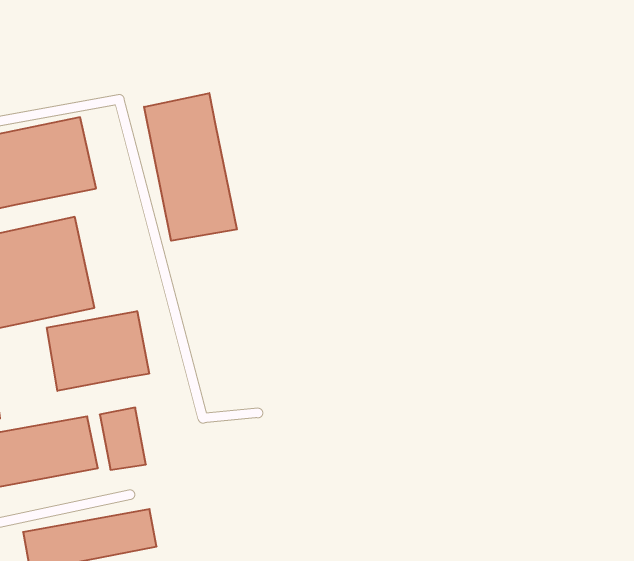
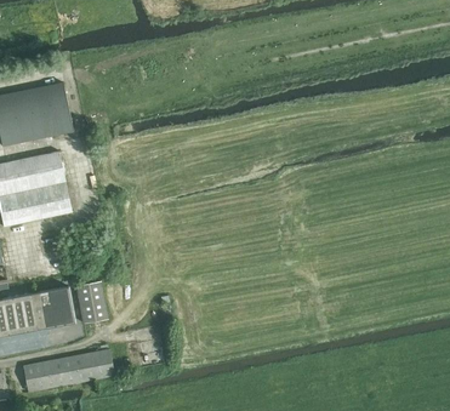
building: [144,93,237,241] -> none
building: [47,311,149,391] -> none

